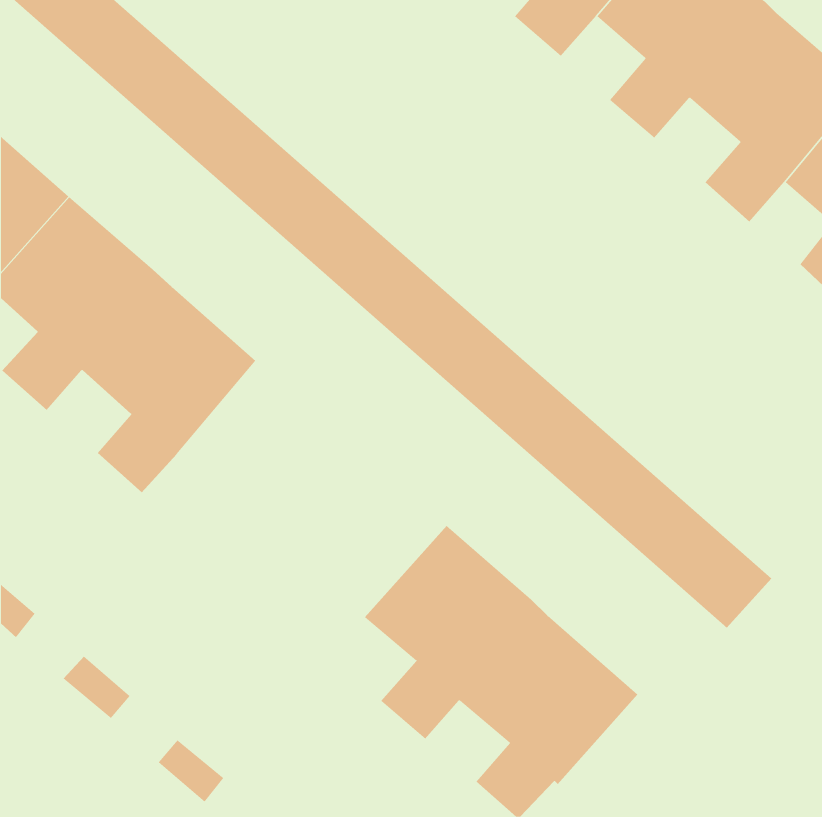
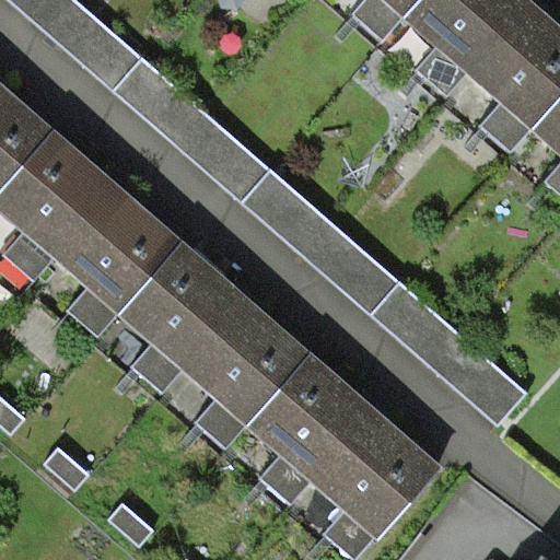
building: none -> [121,245,304,446]

